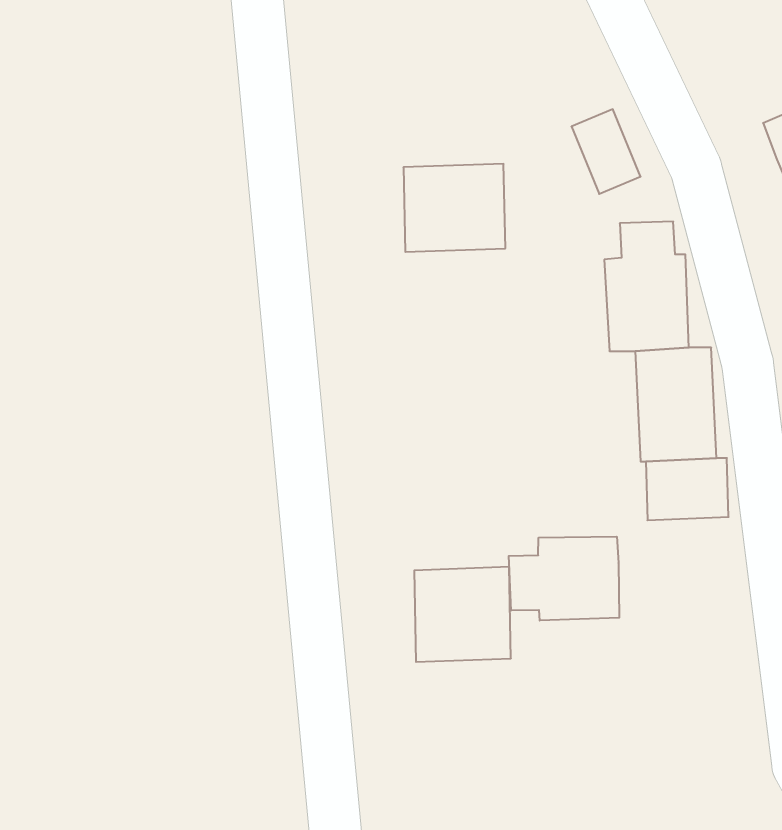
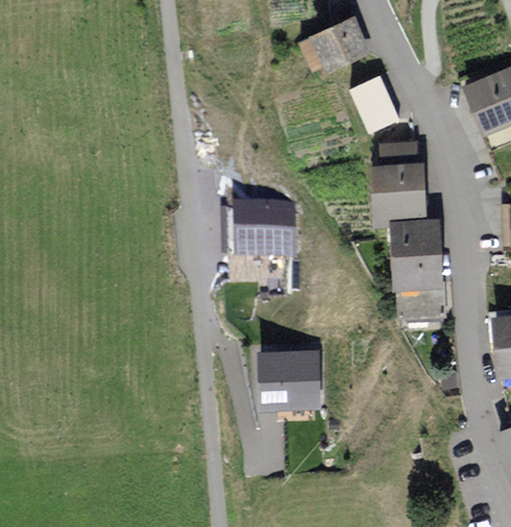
building: none -> [314,17,367,67]
building: [403,164,505,252] -> [231,204,292,256]
building: [509,537,619,621] -> none

